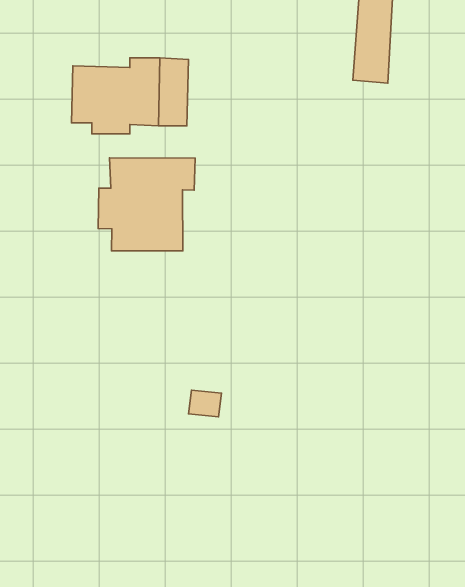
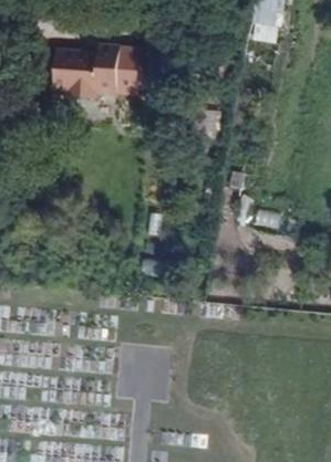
building: [98,158,195,251] -> none

